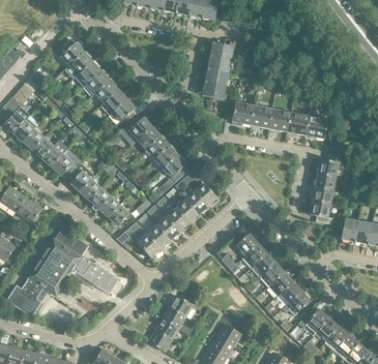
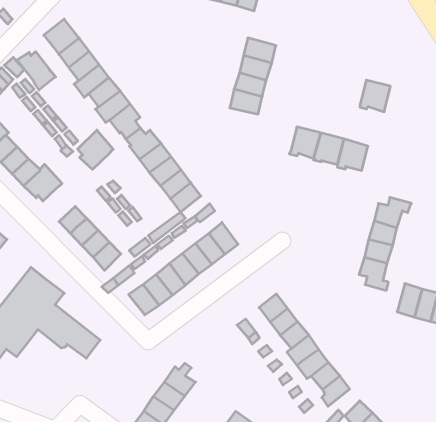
building: none -> [17,52,56,90]
building: [233,101,255,124] -> none
building: [307,116,328,139] -> [360,80,390,112]
building: [68,161,95,191] -> [78,130,113,169]

